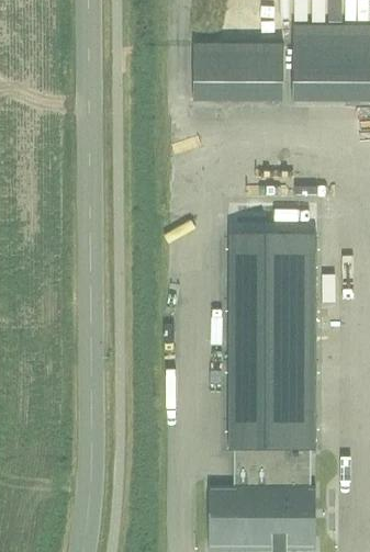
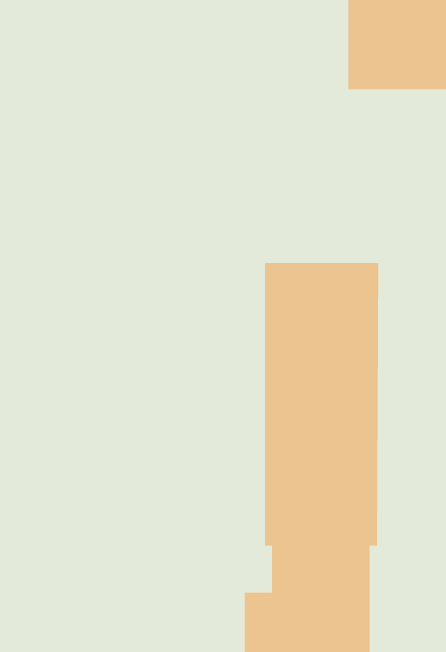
building: [192,43,282,102] -> none

